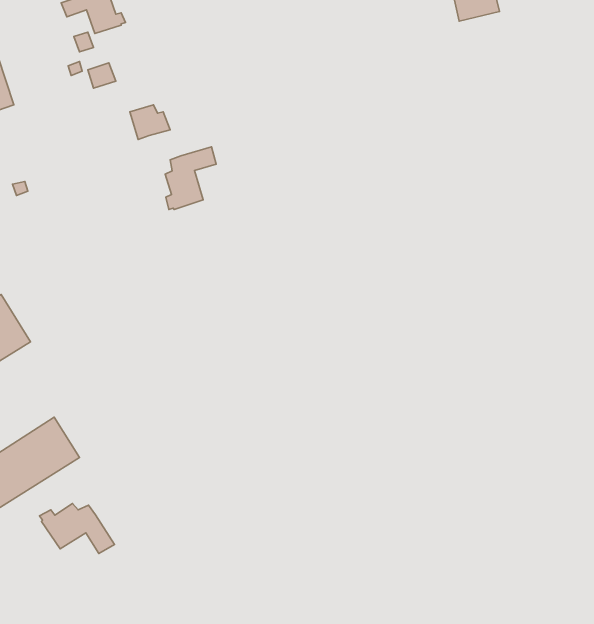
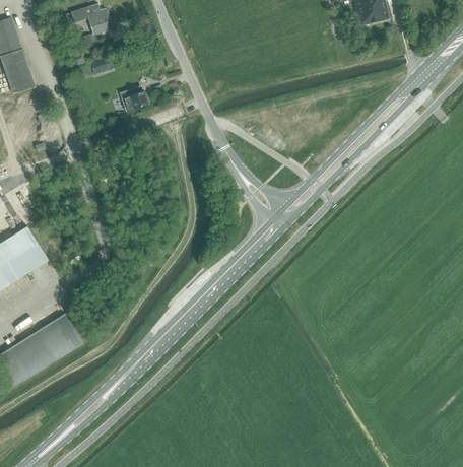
building: [165,147,216,209] -> none
building: [40,503,115,554] -> none

